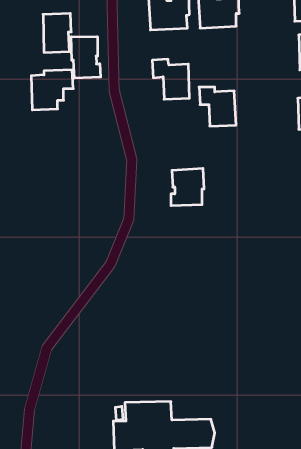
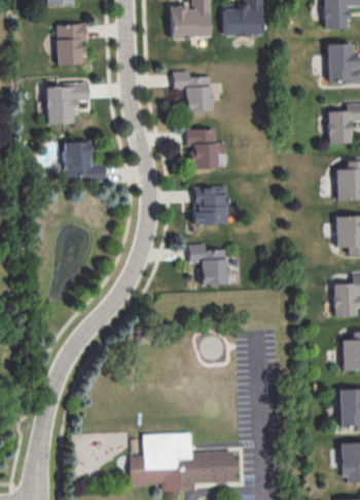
building: [71,37,101,78] -> none
building: [199,87,236,126] -> [181,127,220,168]
building: none -> [64,142,105,182]
building: none -> [190,243,228,284]

